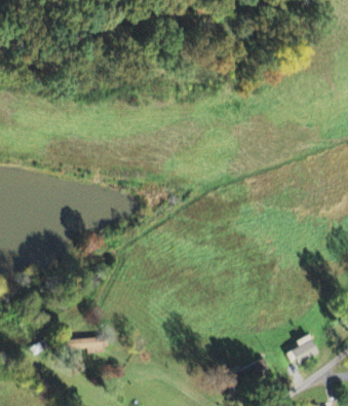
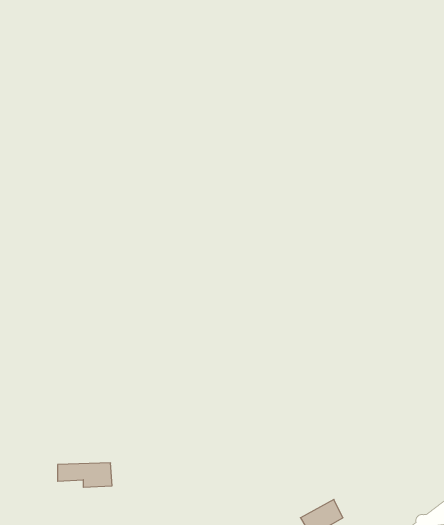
building: [291,334,319,365] -> none

